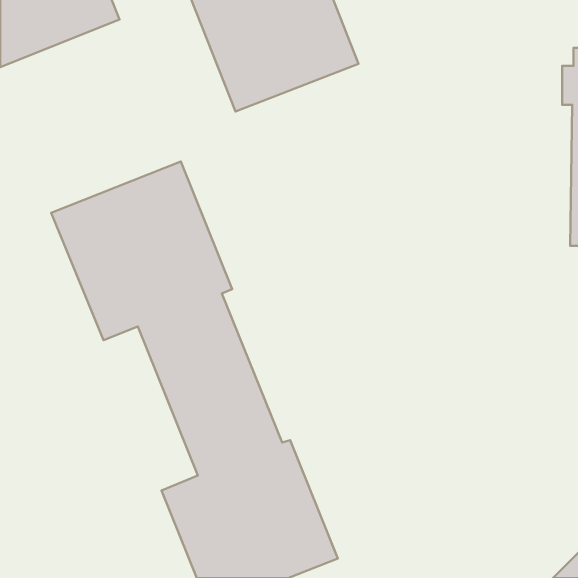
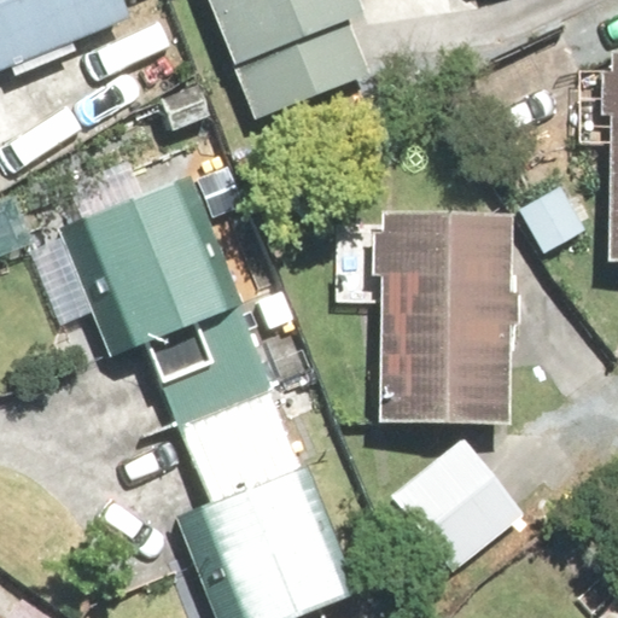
building: none -> [371,211,519,425]
building: none -> [379,438,519,577]

